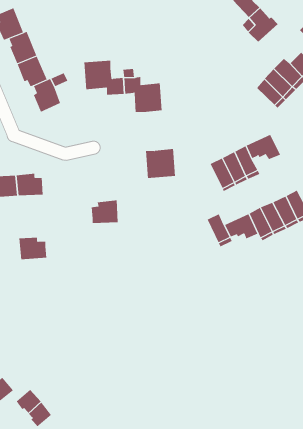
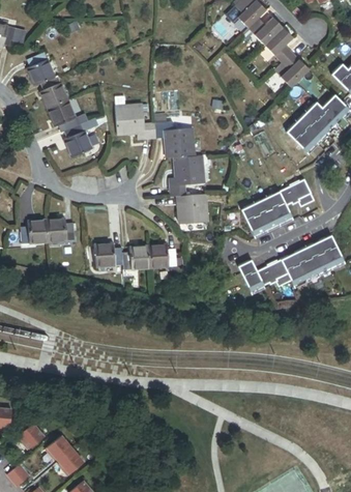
building: none -> [169,155,204,197]
building: none -> [149,244,177,268]
building: [18,237,47,260] -> [94,243,123,266]

